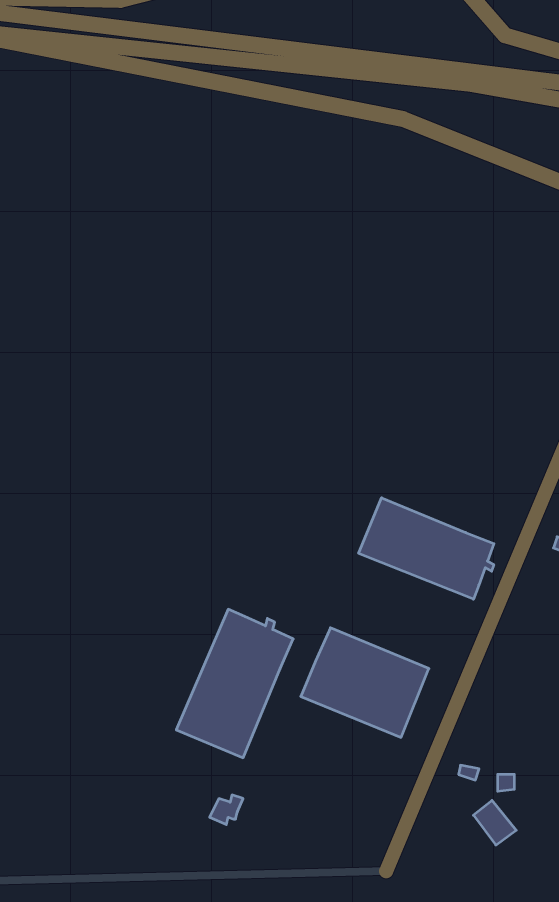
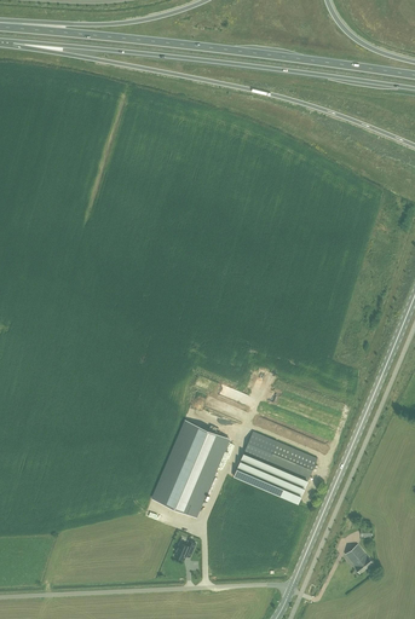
building: [359,498,494,599] -> none

